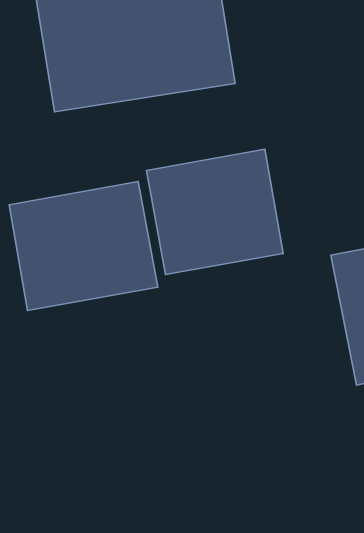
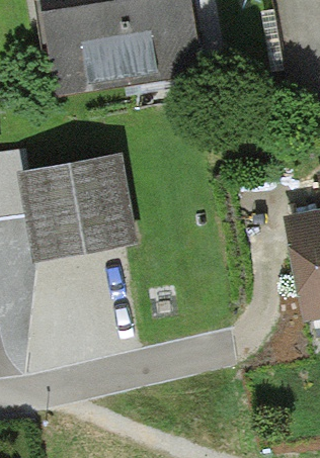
building: [146,149,283,274] -> none

